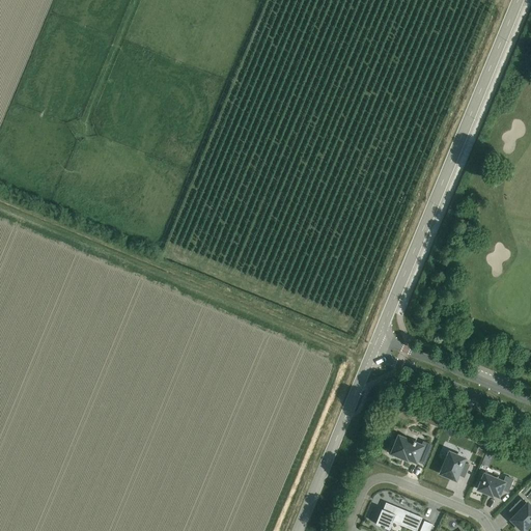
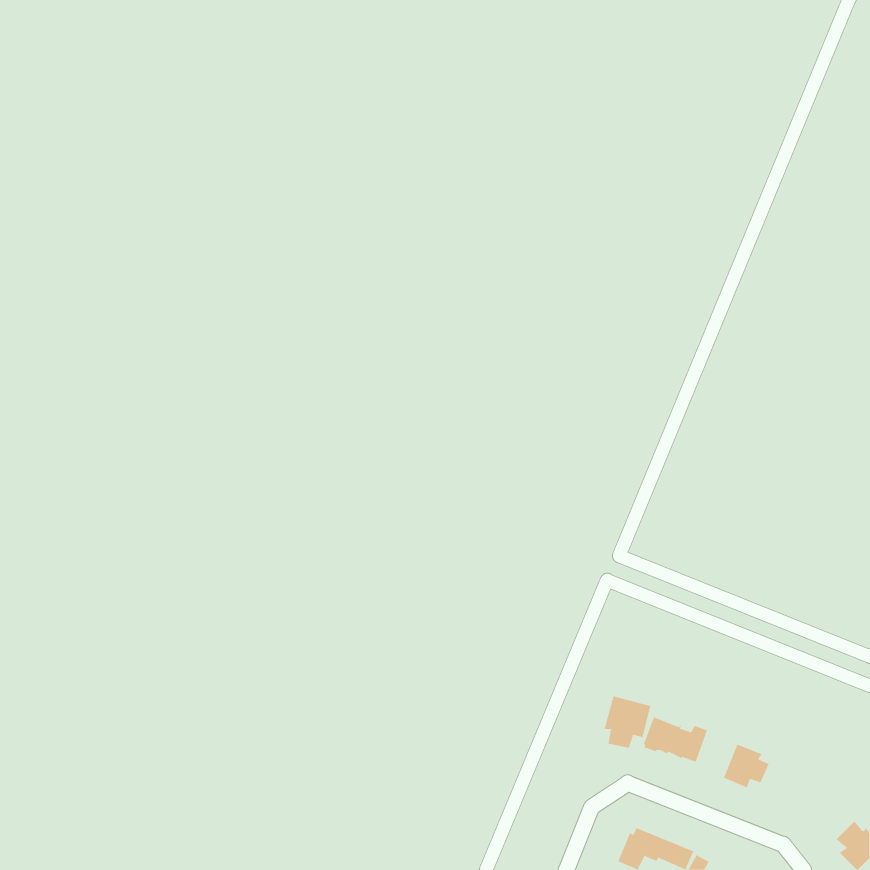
building: none -> [604,695,651,749]
building: [477,474,511,496] -> none

